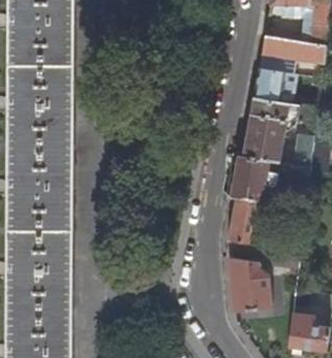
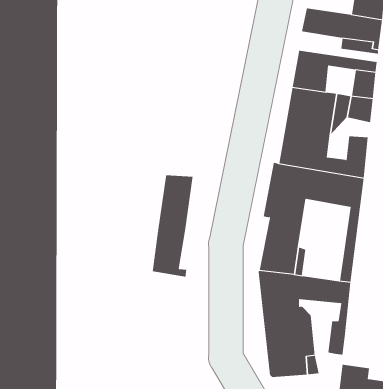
building: none -> [152,174,193,278]

